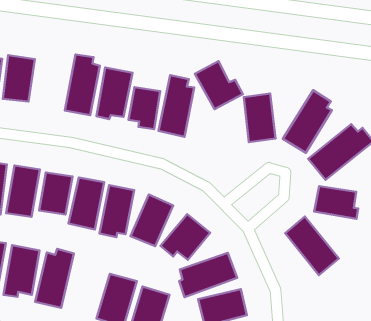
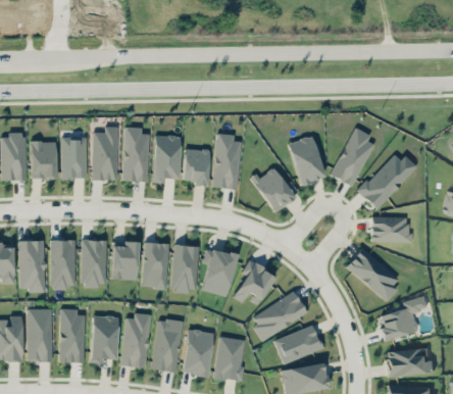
building: none -> [92,126,118,180]
building: [195,61,243,109] -> [252,165,300,211]
building: none -> [153,318,183,372]
building: none -> [379,295,427,340]

